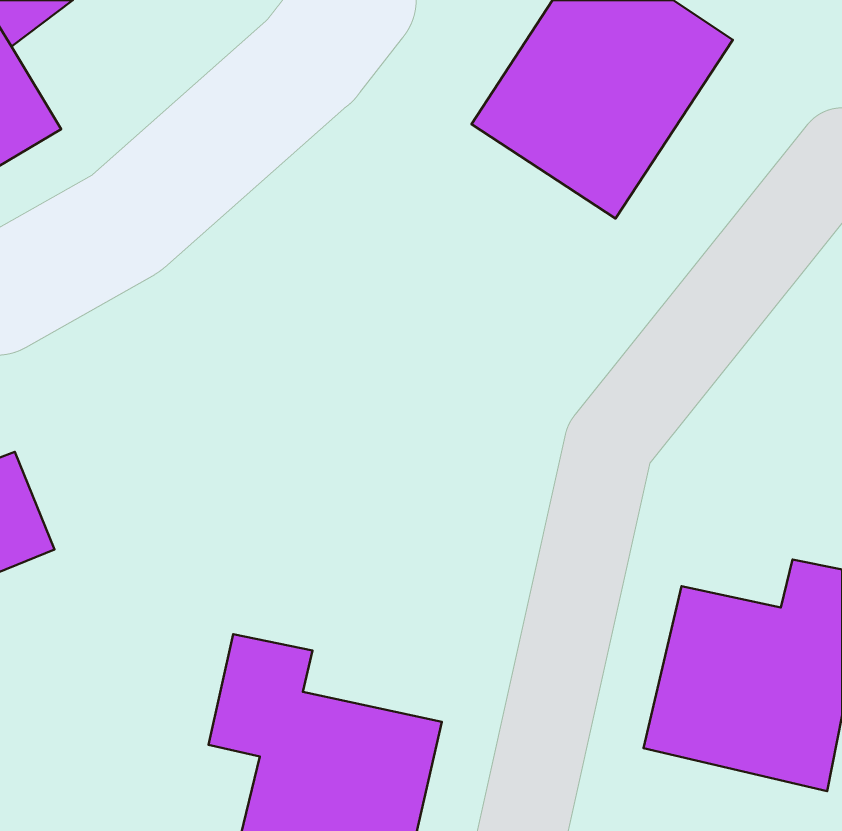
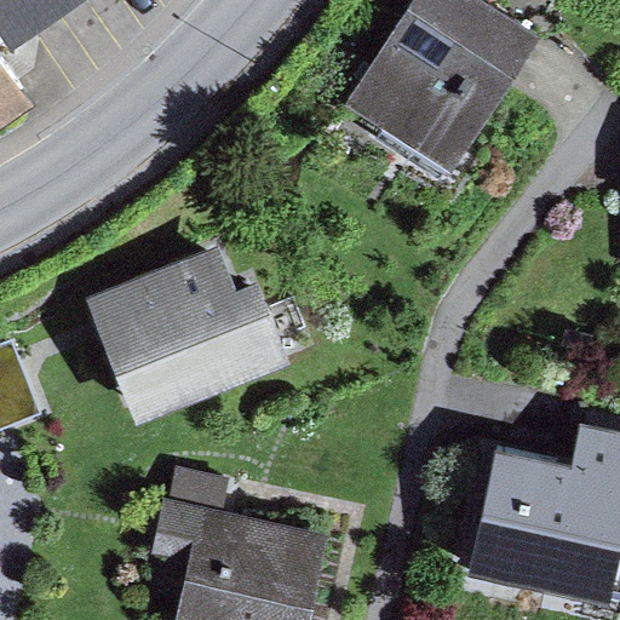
building: none -> [87,249,289,421]

